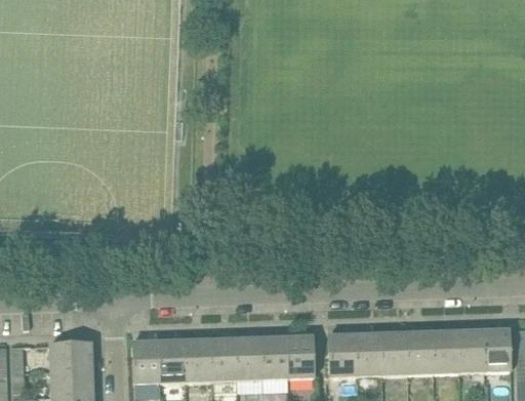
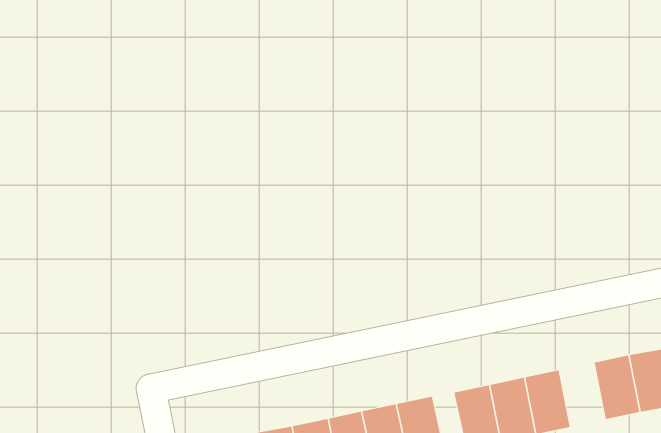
building: [406,332,433,375] -> none

